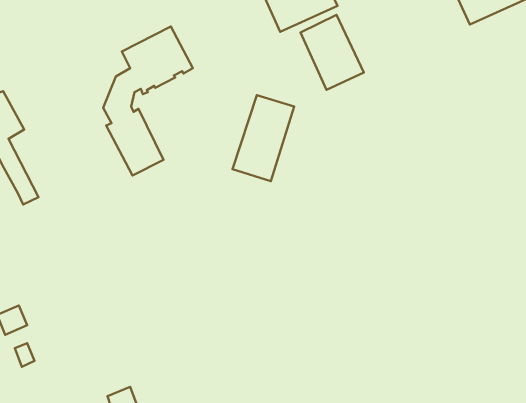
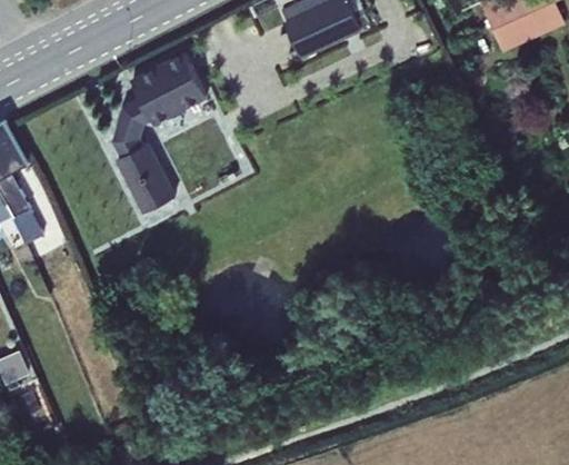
building: [300,15,364,90] -> none
building: [232,95,294,181] -> none

